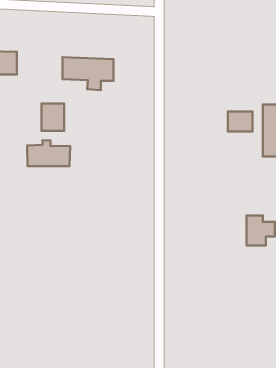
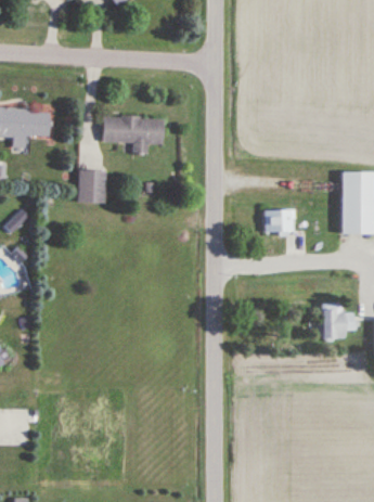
building: [228,111,252,131] -> [265,209,294,233]
building: [27,140,70,166] -> none

